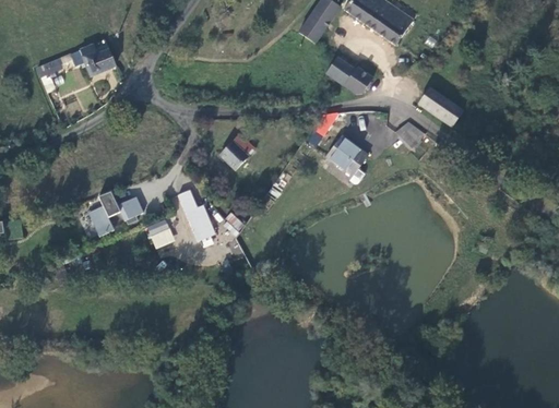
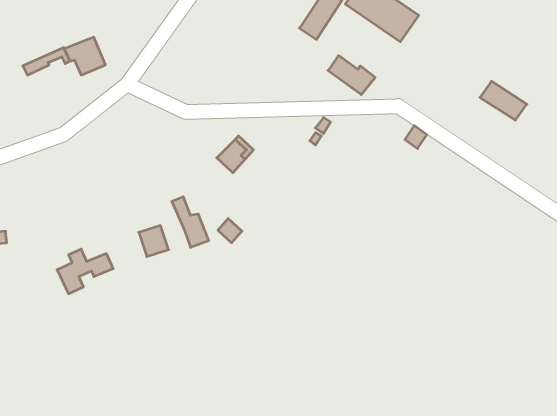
building: [418,88,463,125] -> [480,81,527,120]
building: [325,133,367,181] -> none
building: [88,194,142,237] -> [57,249,113,294]

